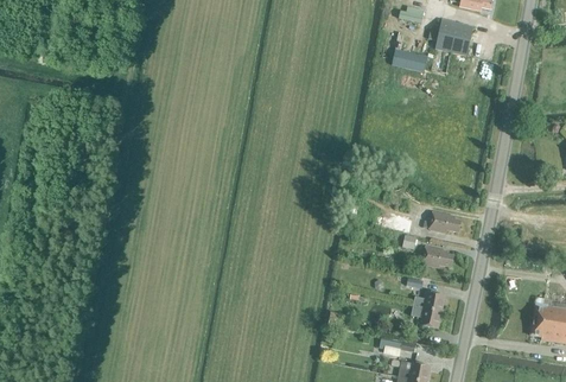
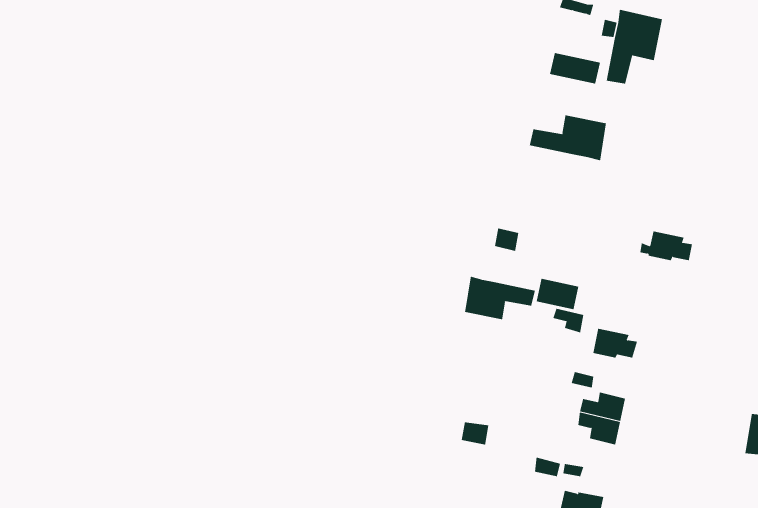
building: none -> [529,114,607,161]
building: none -> [464,276,536,320]
building: [424,211,462,233] -> [639,231,693,261]

